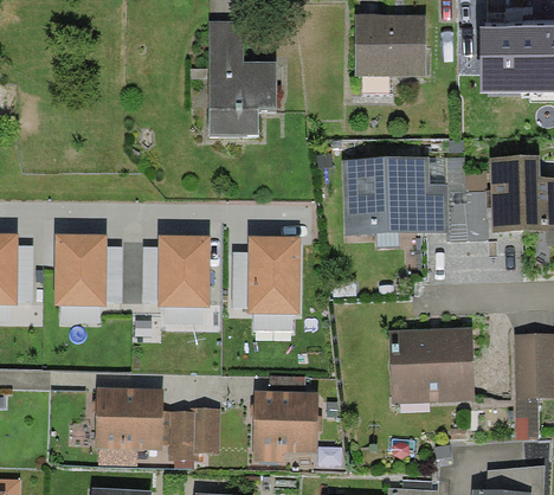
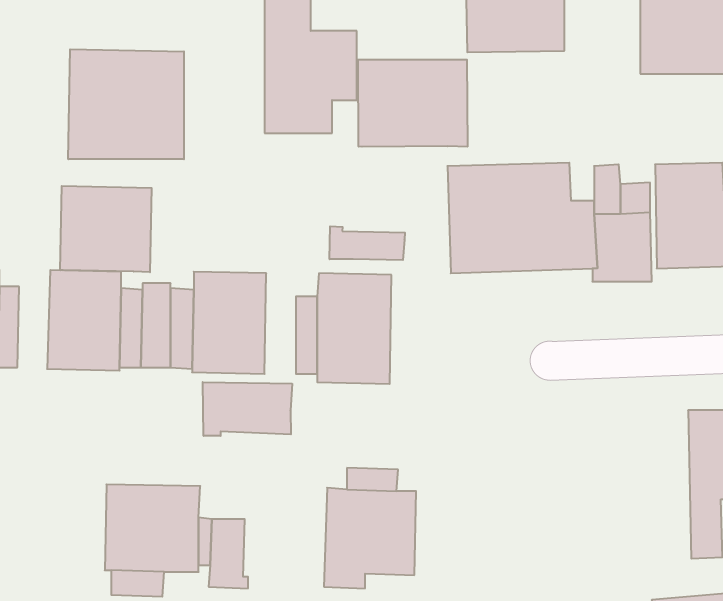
building: none -> [68,49,184,159]
building: none -> [358,60,467,147]
building: none -> [60,186,152,272]
building: none -> [330,226,405,260]
building: none -> [203,382,292,436]
building: [388,327,475,405] -> none
building: [189,409,220,454] -> none

